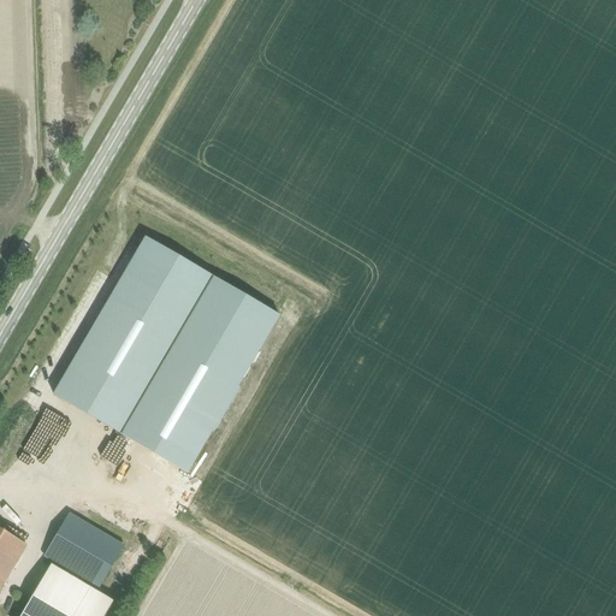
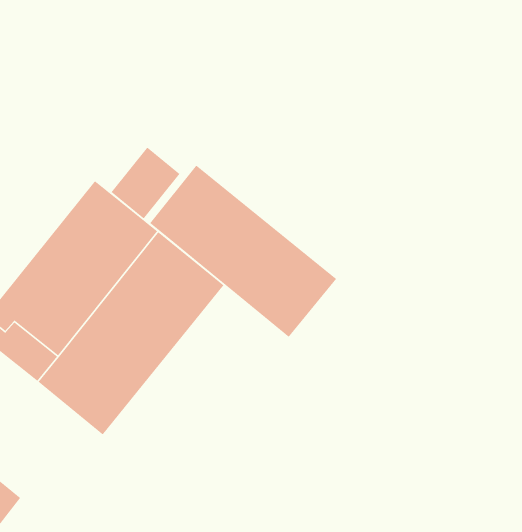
building: none -> [111,146,180,220]
building: none -> [149,164,337,338]

